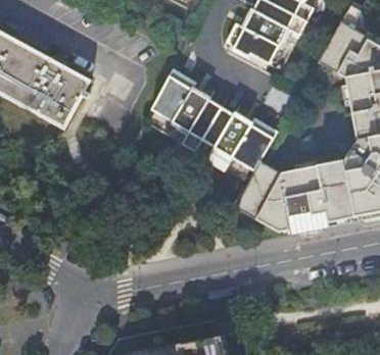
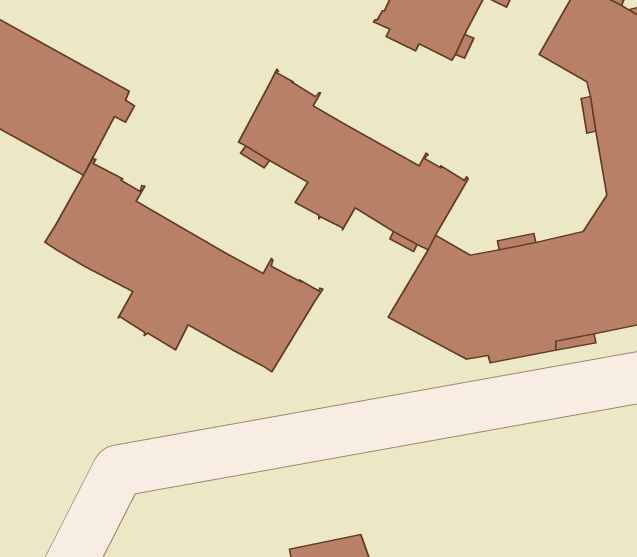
building: none -> [45,159,323,372]

